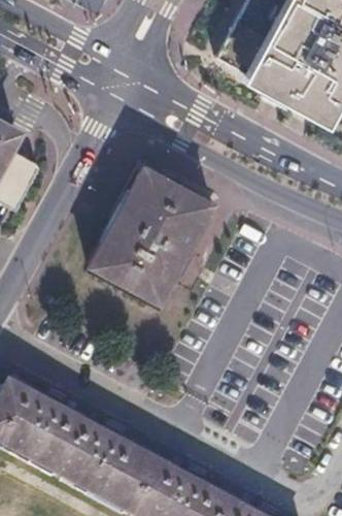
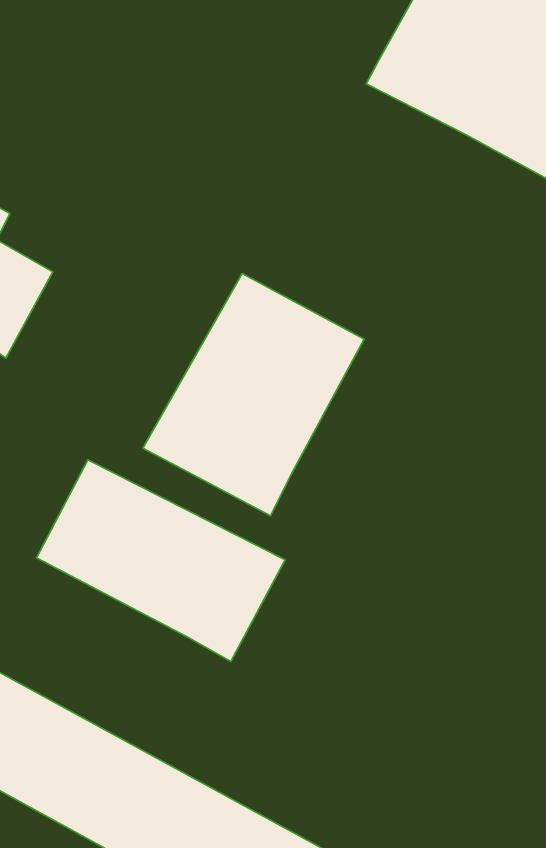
building: none -> [37,460,285,661]

